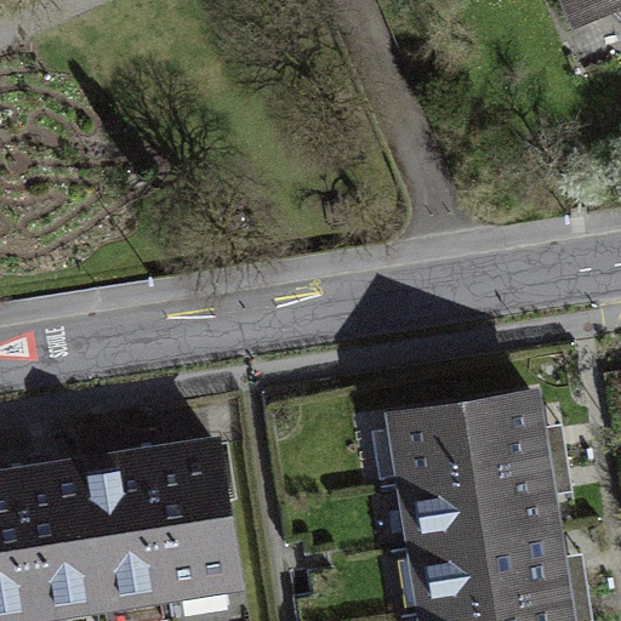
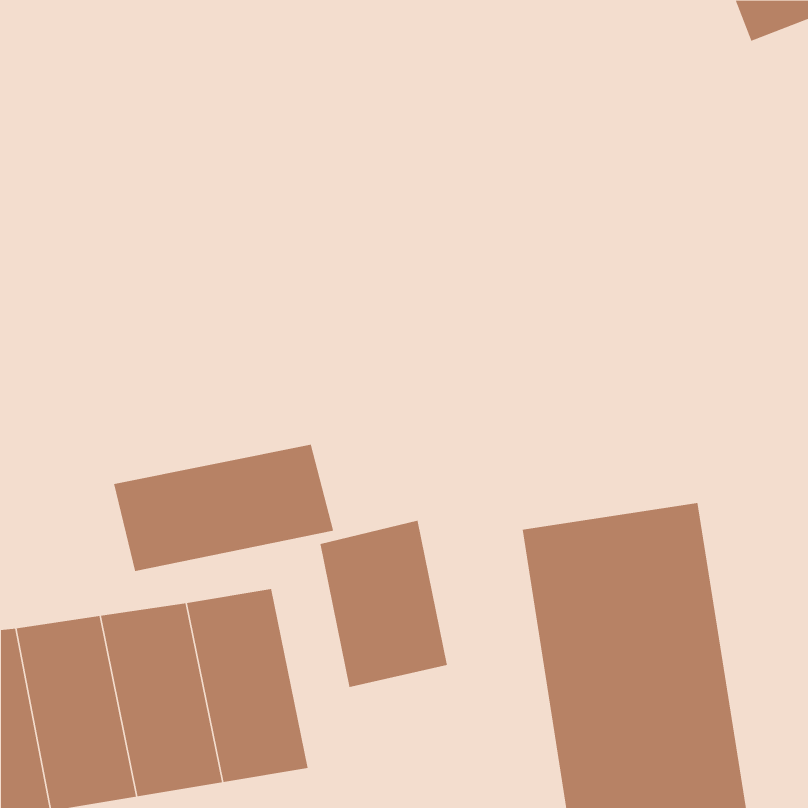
building: none -> [114,444,334,572]
building: none -> [320,520,447,688]

